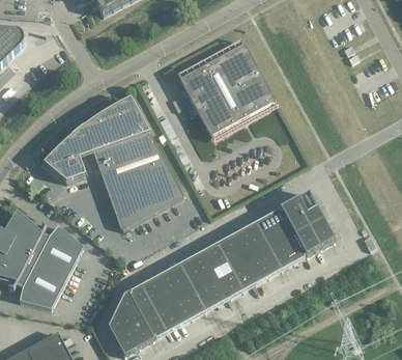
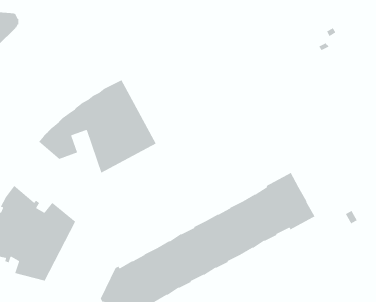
building: [177,38,278,139] -> none
building: [109,164,183,228] -> none

